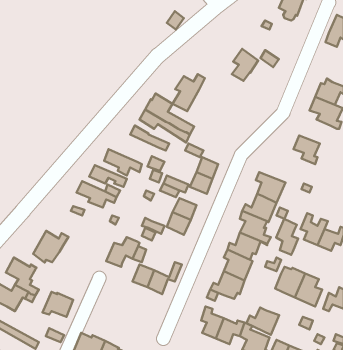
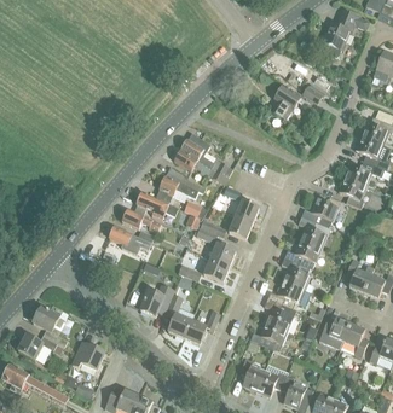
building: [173,74,205,111] -> none
building: none -> [343,159,383,185]
building: none -> [155,175,196,204]
building: none -> [301,197,337,226]
building: [276,219,298,255] -> none
building: [33,231,68,262] -> none
building: [246,308,279,335] -> none

